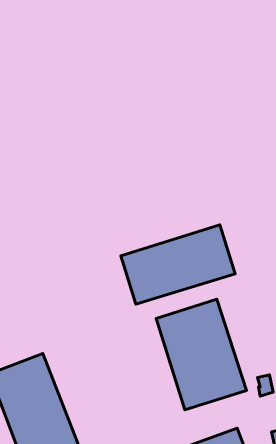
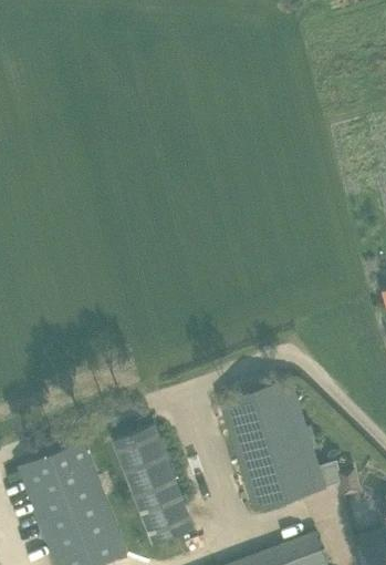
building: [121,225,235,304] -> none
building: none -> [114,425,196,545]

